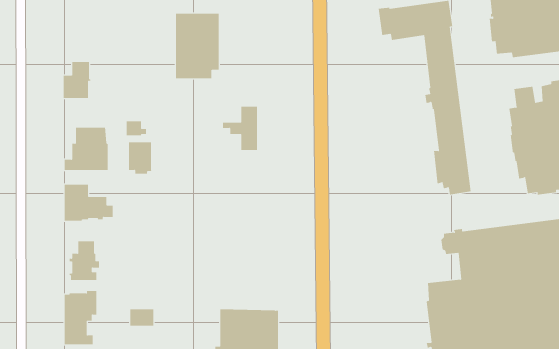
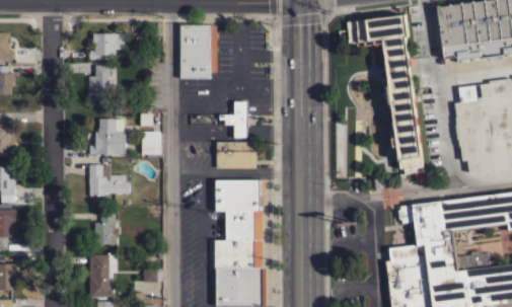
building: none -> [89,33,125,60]
building: none -> [216,142,257,168]
building: none -> [215,179,263,268]

